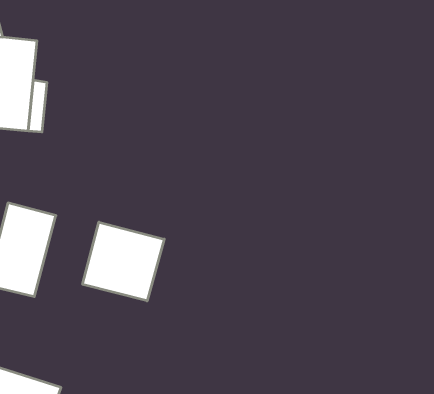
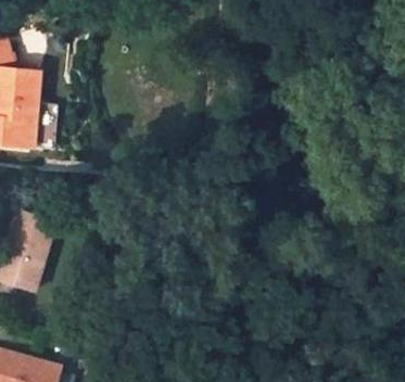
building: [83,222,164,301] -> none

